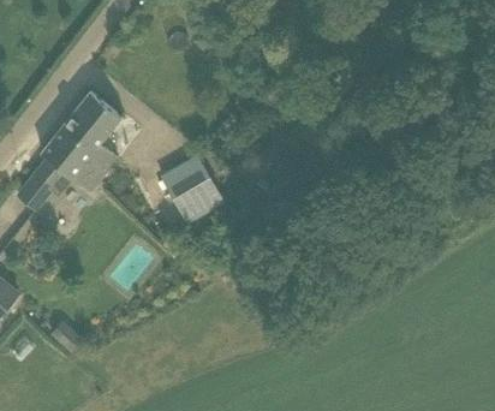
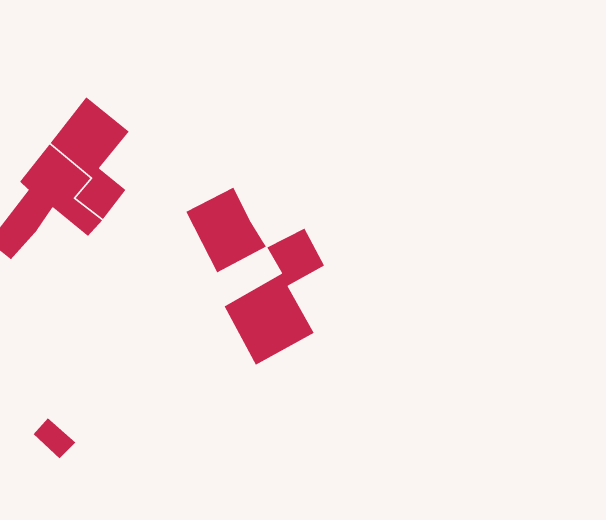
building: none -> [224,227,325,366]

